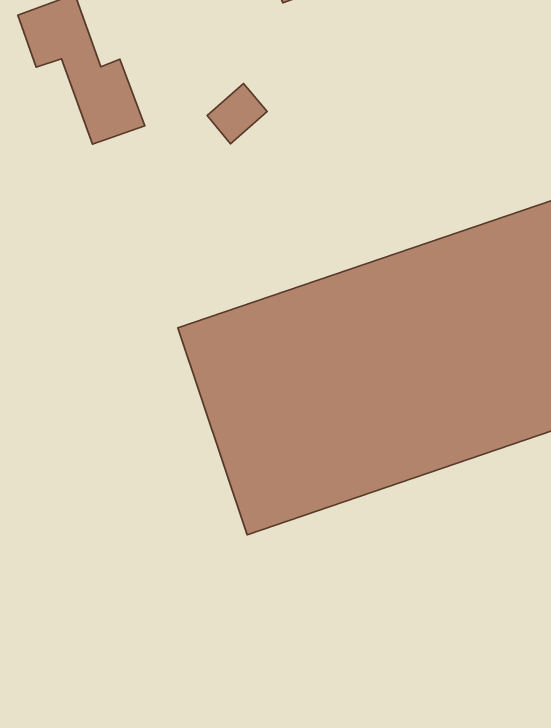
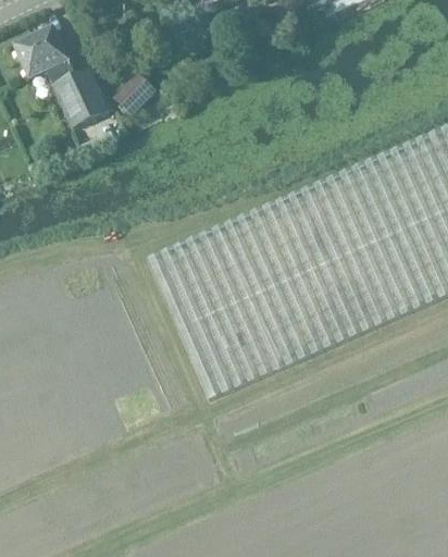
building: [207,83,267,144] -> [117,71,160,114]

